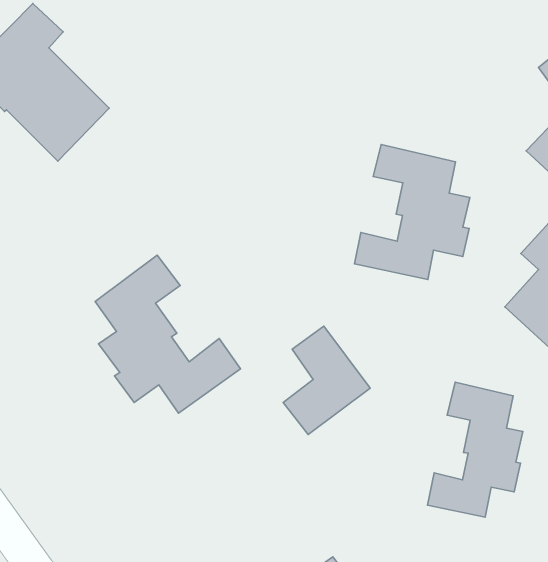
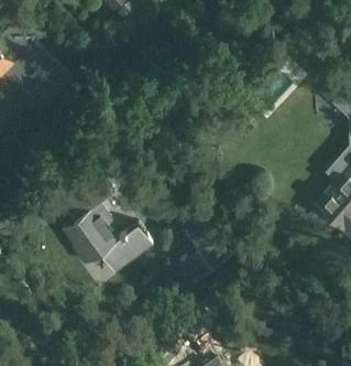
building: [354,145,470,279] -> none
building: [427,382,523,517] -> none

